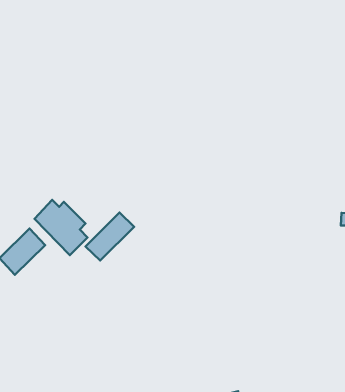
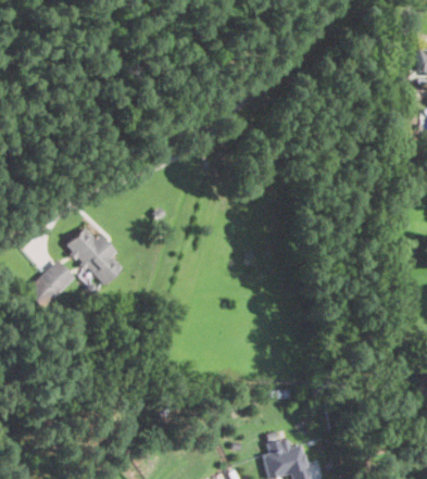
building: [86,213,134,261] -> none

